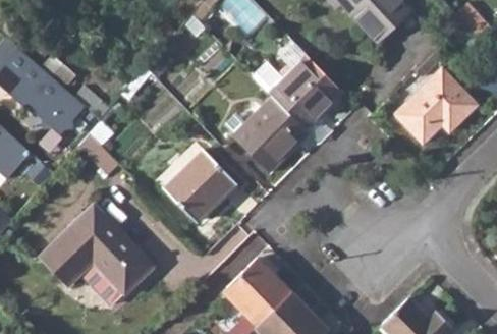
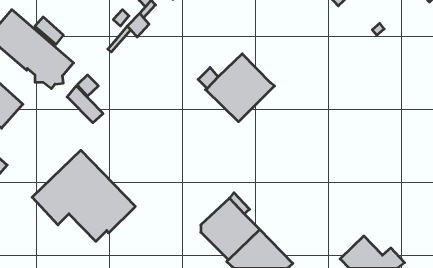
building: [257,54,342,128] -> none
building: [394,67,478,143] -> none
building: [163,148,235,220] -> none

